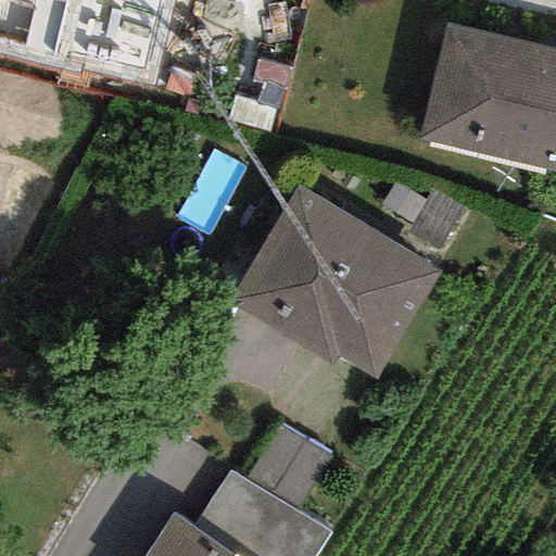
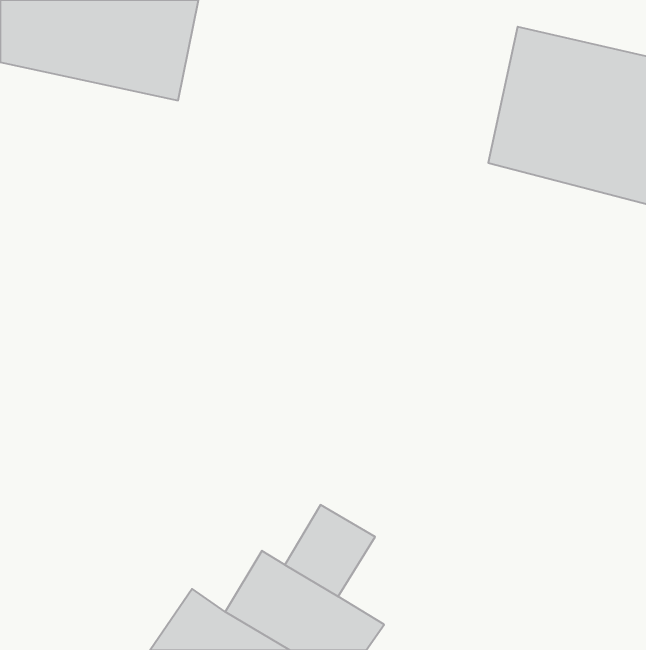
building: [229,182,447,376] -> none

